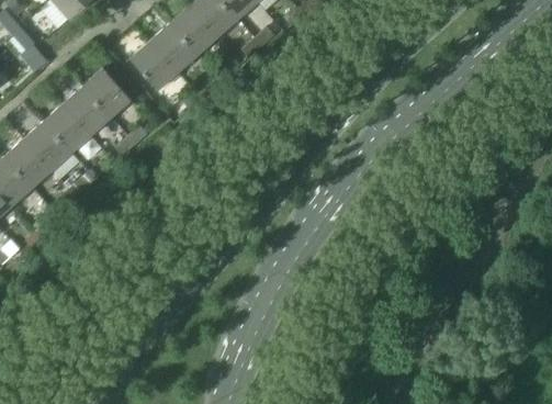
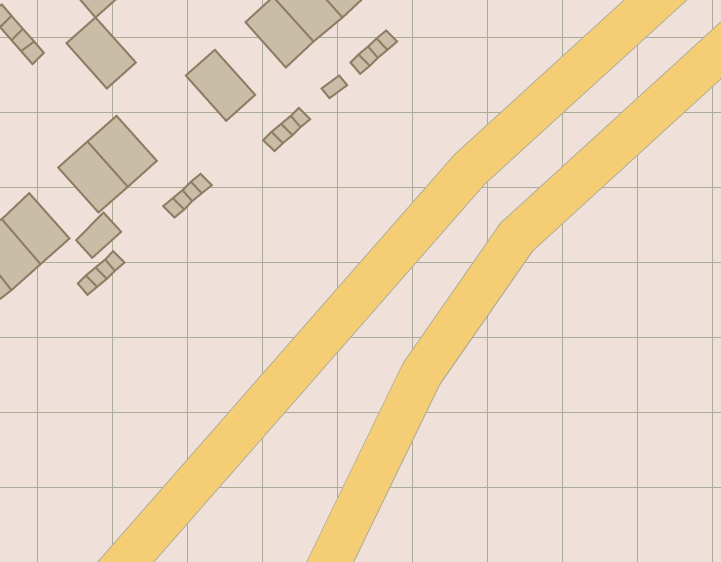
building: [150,22,199,71] -> none
building: [83,68,131,116] -> [66,17,136,88]
building: [24,121,71,169] -> none

